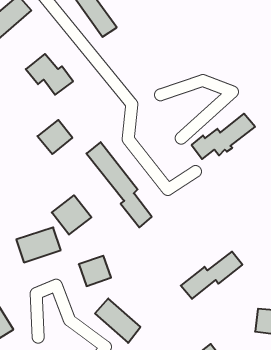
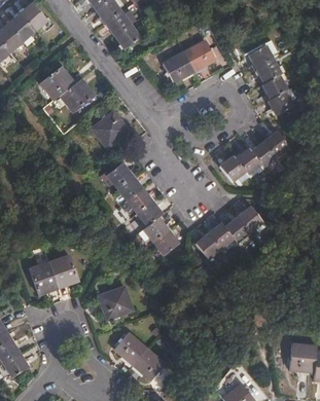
building: none -> [163,41,215,82]
building: none -> [249,44,292,114]
building: [37,120,72,154] -> [91,111,129,148]
building: [52,195,91,235] -> none
building: [181,252,242,299] -> [195,207,262,258]

